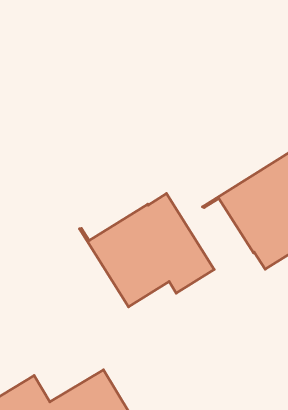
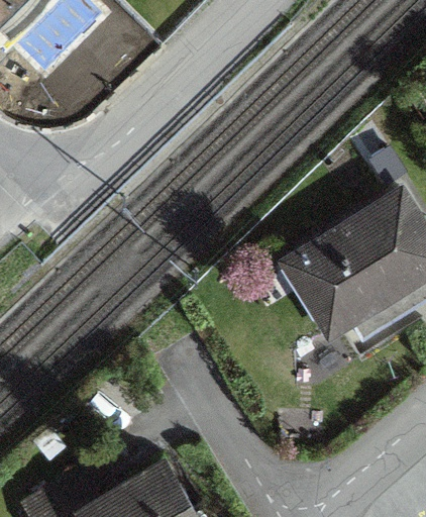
building: [80,194,214,307] -> none

